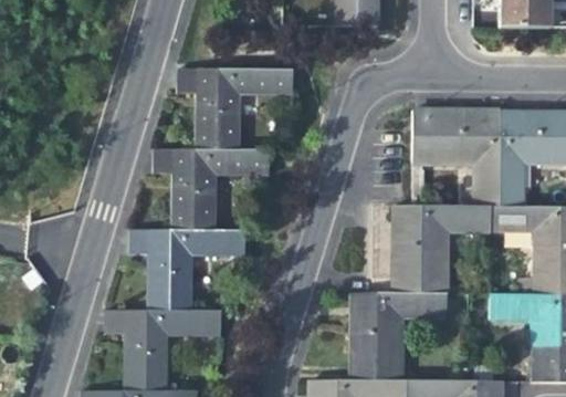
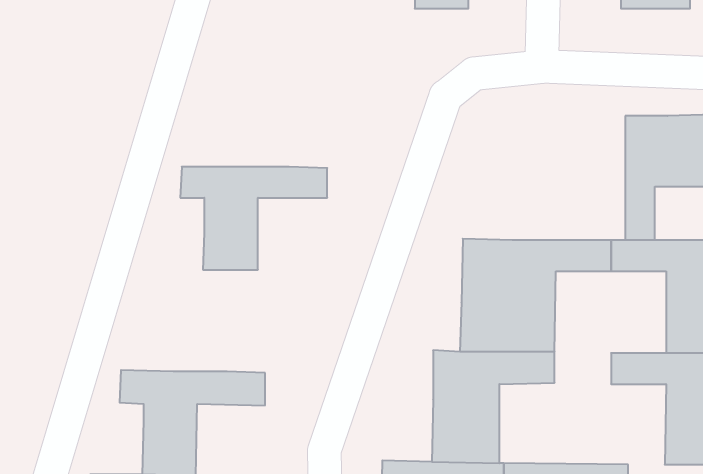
building: [179,67,293,149] -> none
building: [415,109,502,207] -> none
building: [130,229,245,310] -> none

